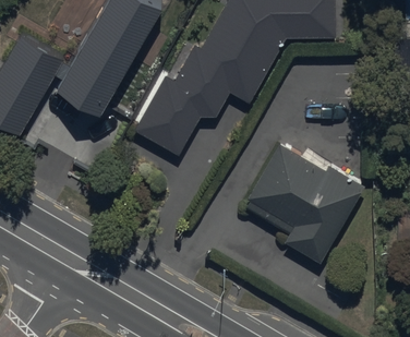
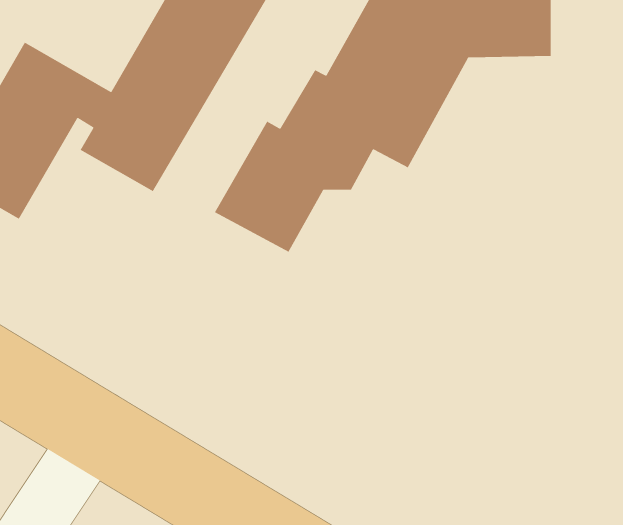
building: [242,143,365,264] -> none

